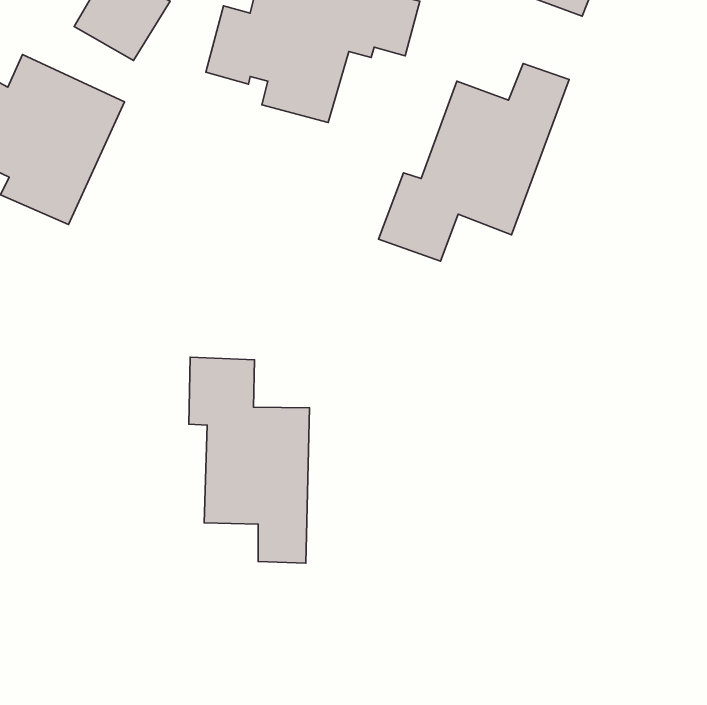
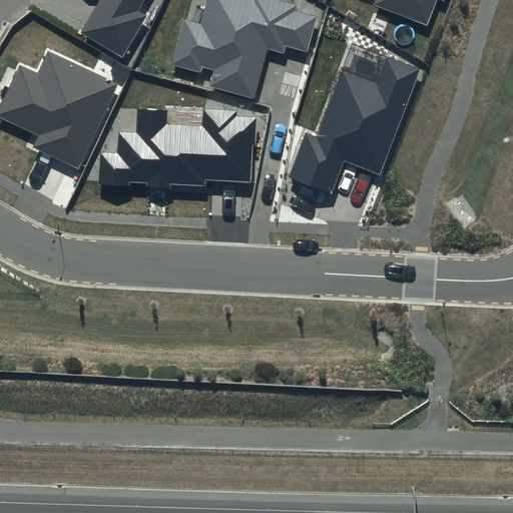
building: none -> [99,107,259,185]
building: [189,357,310,563] -> none

